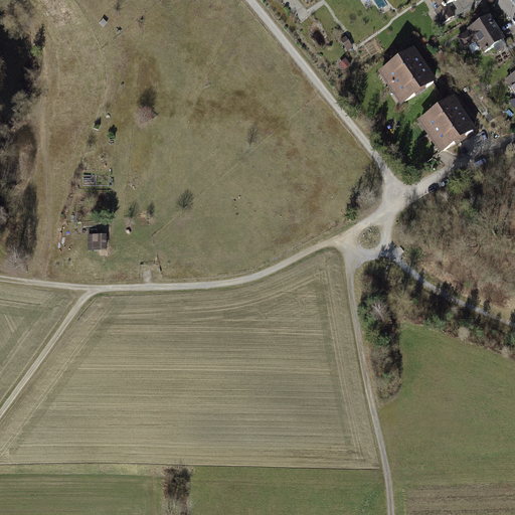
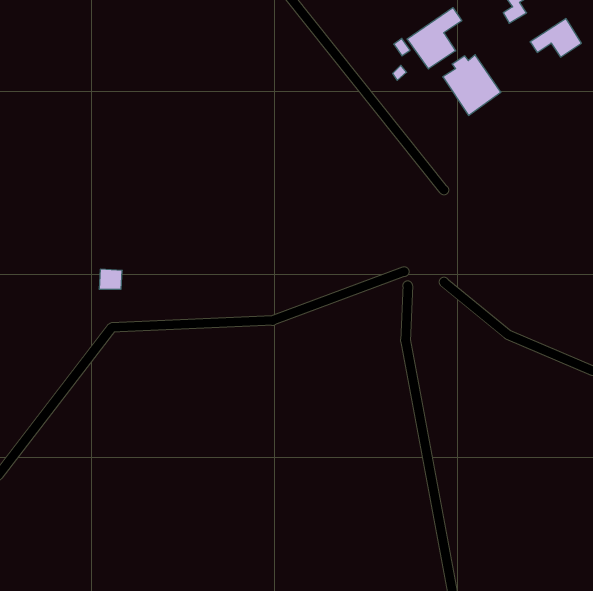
building: none -> [407,8,462,69]
building: [419,97,472,148] -> none

